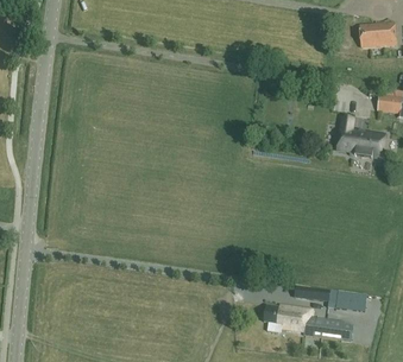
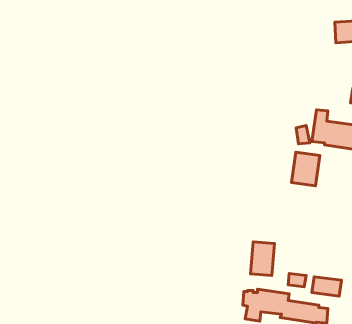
building: none -> [291,152,320,186]
building: none -> [251,242,275,275]

